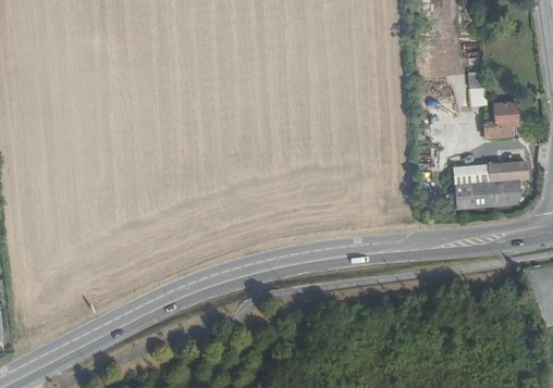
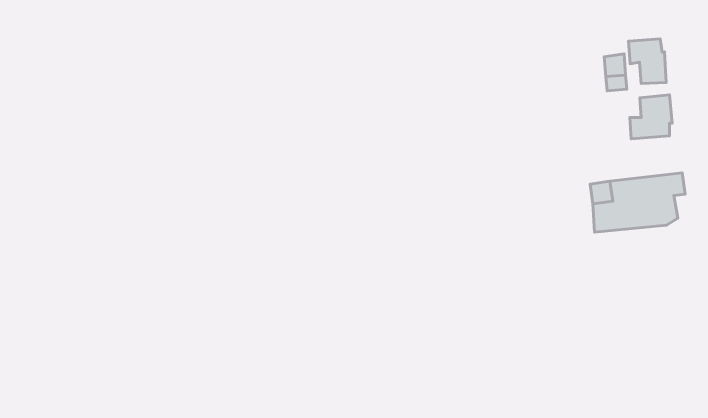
building: none -> [628,39,666,84]

